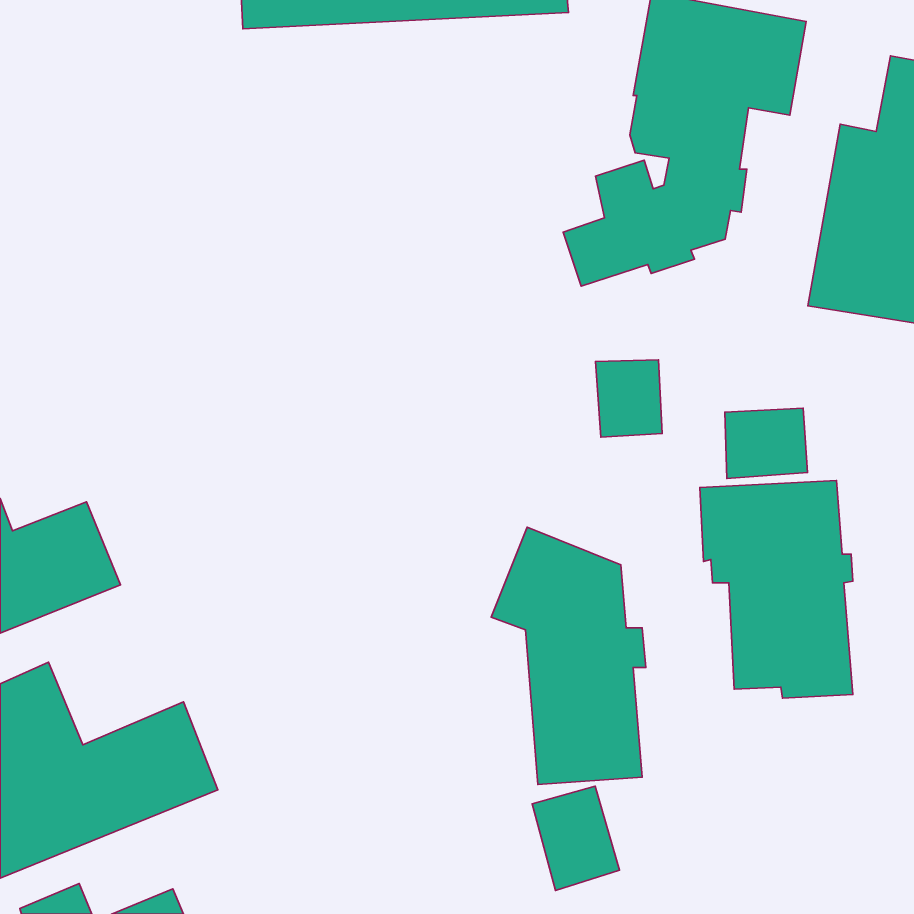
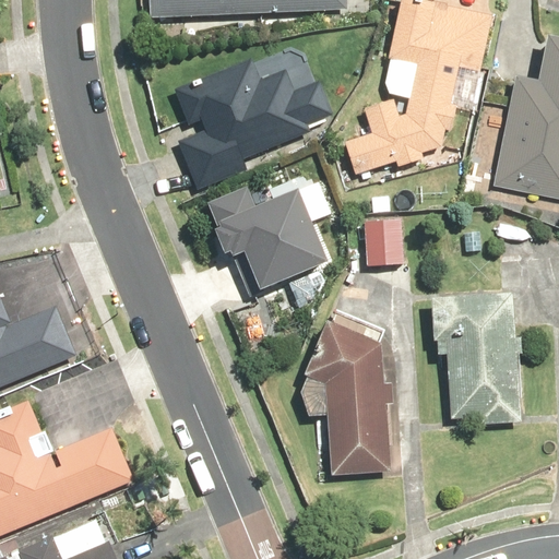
building: none -> [174,56,334,189]
building: none -> [206,180,333,289]
building: [725,408,808,478] -> none
building: [532,786,620,890] -> none

